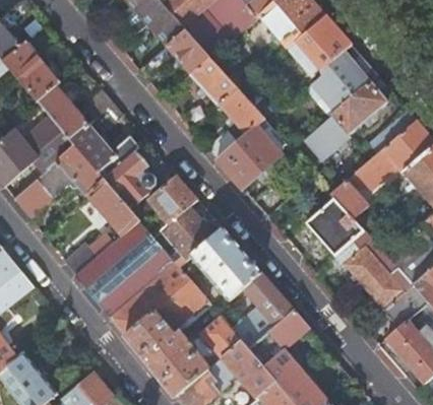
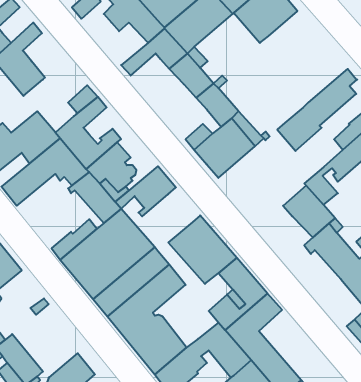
building: [295,13,351,70] -> none
building: [314,55,378,110] -> none
building: [37,85,89,141] -> none
building: [160,206,214,266] -> none
building: [200,316,242,358] -> none

